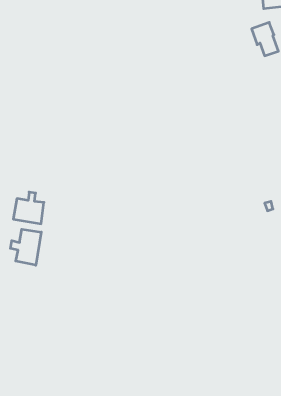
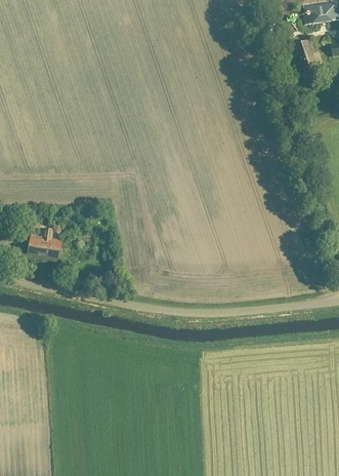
building: [10,229,41,265] -> none

